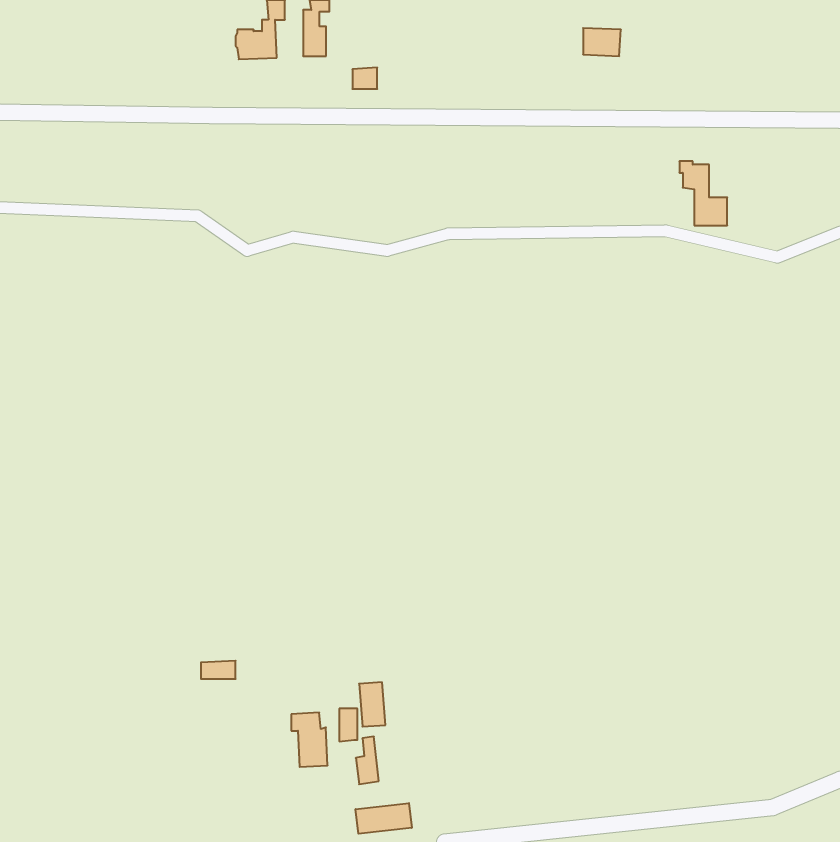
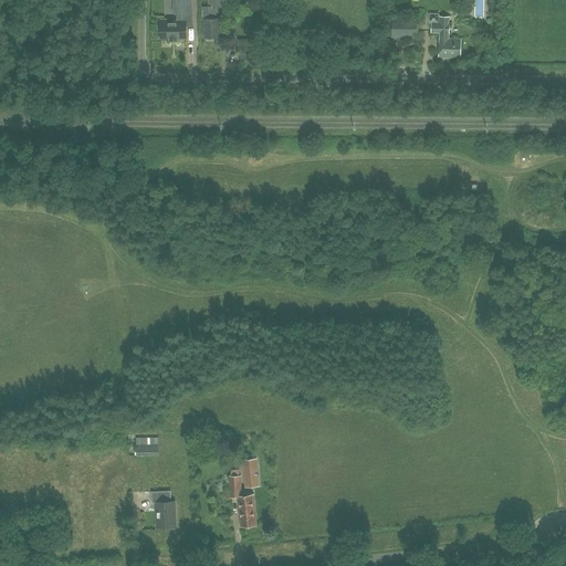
building: [679,161,727,225] -> [428,14,460,57]
building: [291,713,328,767] -> [150,491,175,527]
building: [356,803,412,834] -> none

